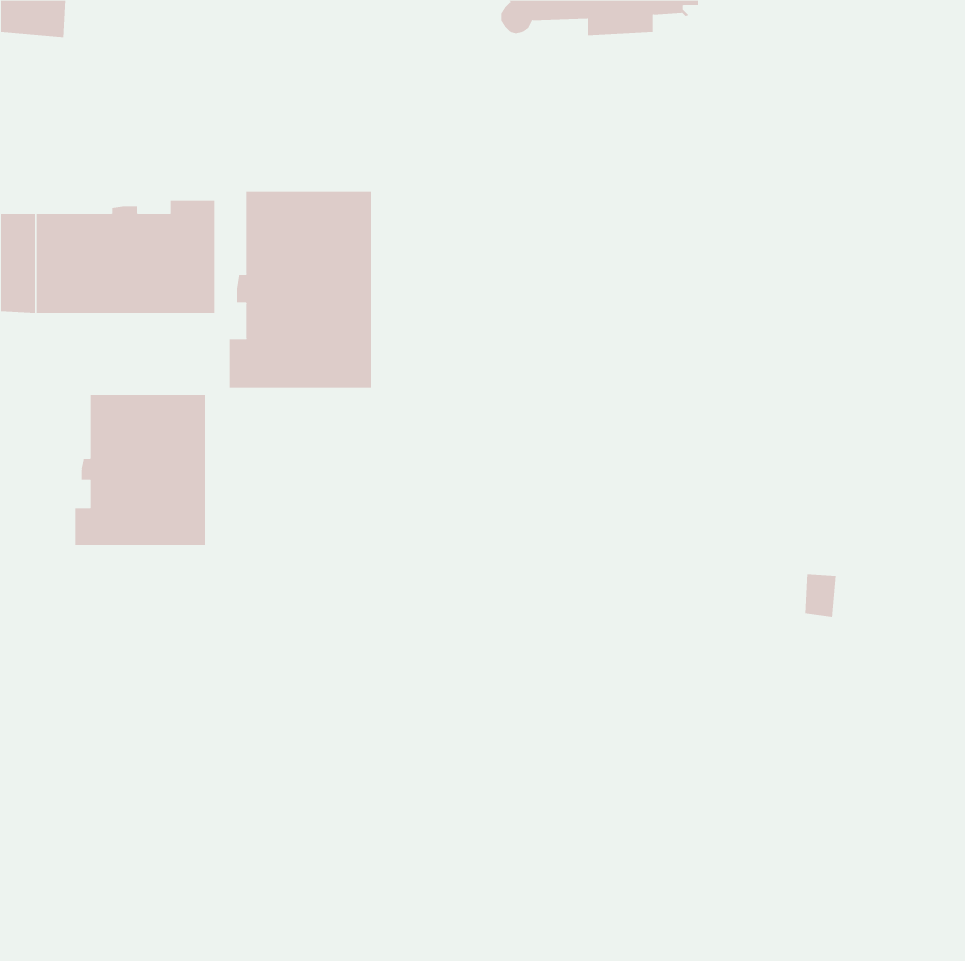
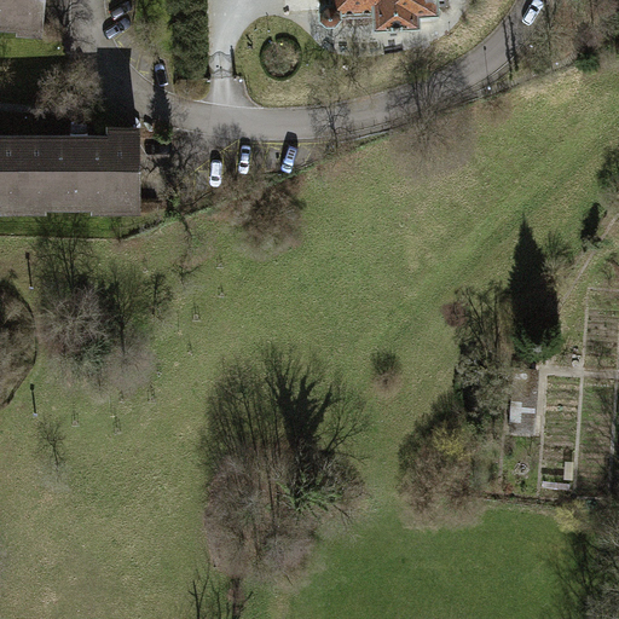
building: [229,191,371,389] -> none
building: [75,394,205,546] -> none

